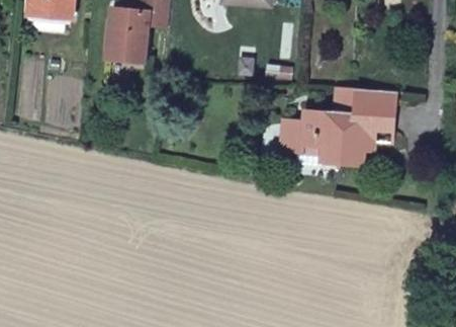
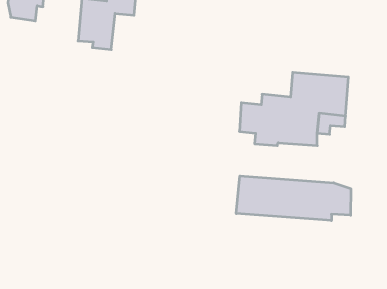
building: none -> [236,176,351,221]

